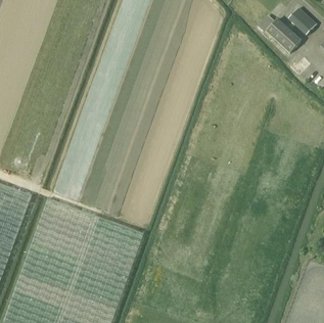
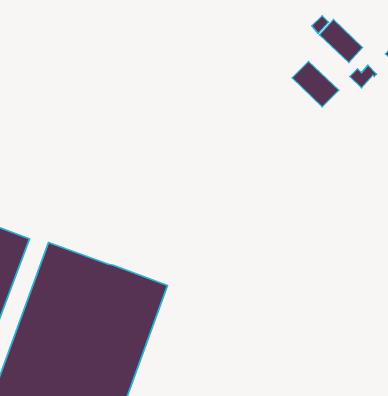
building: [287,7,316,36] -> none
building: none -> [292,61,339,107]

